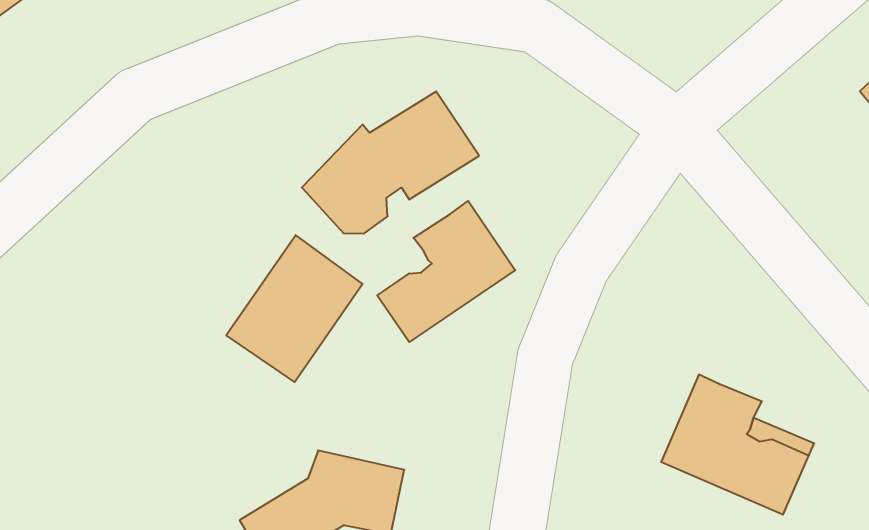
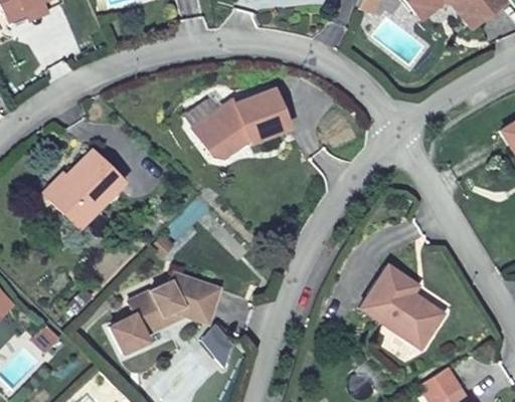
building: [377,201,515,342] -> none
building: [226,235,363,382] -> [50,149,128,227]

